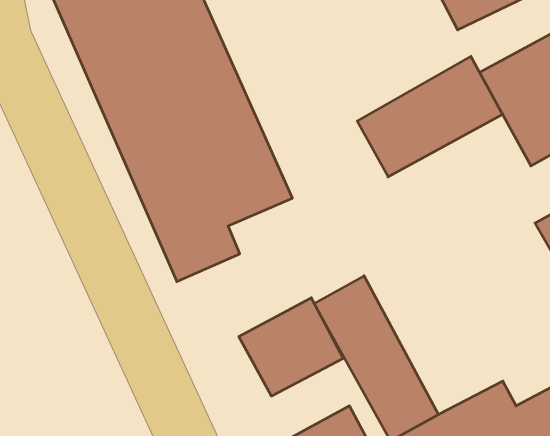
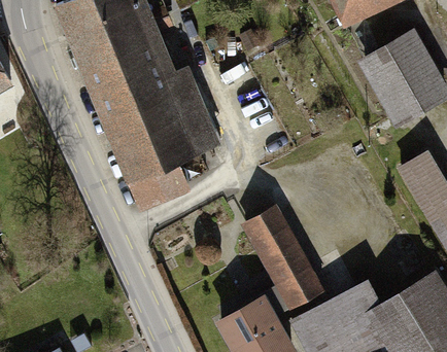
building: [357,56,502,177] -> none
building: [239,298,343,396] -> none

